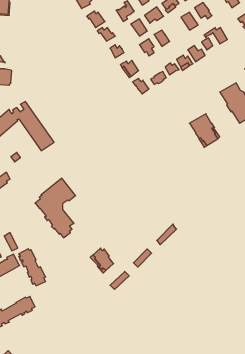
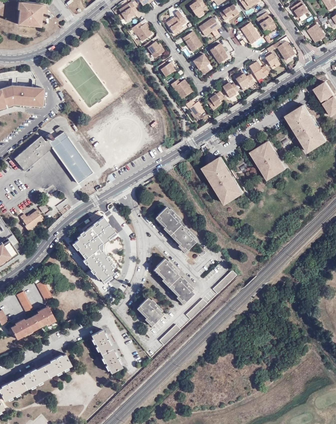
building: none -> [203,157,244,204]
building: none -> [155,206,196,249]
building: none -> [153,258,194,301]
building: [19,249,46,286] -> [91,329,122,372]

